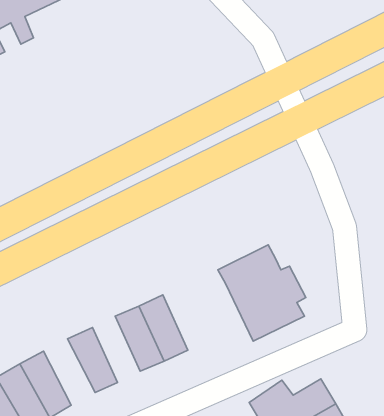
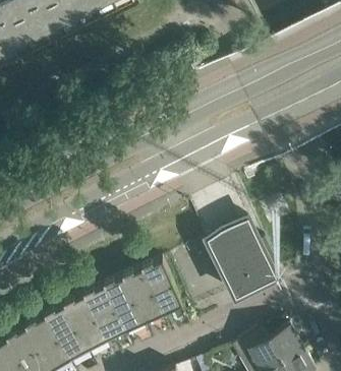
building: none -> [103,276,141,330]
building: none -> [63,295,105,349]

